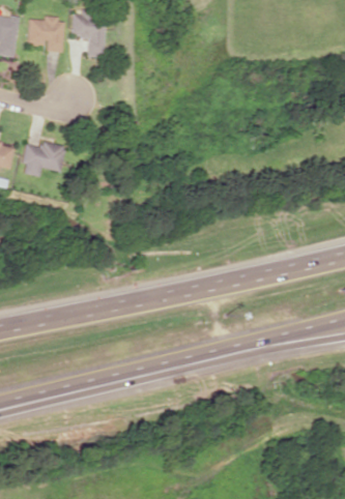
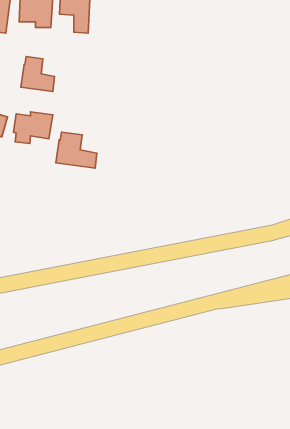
building: none -> [21,57,55,92]
building: none -> [56,132,97,168]

